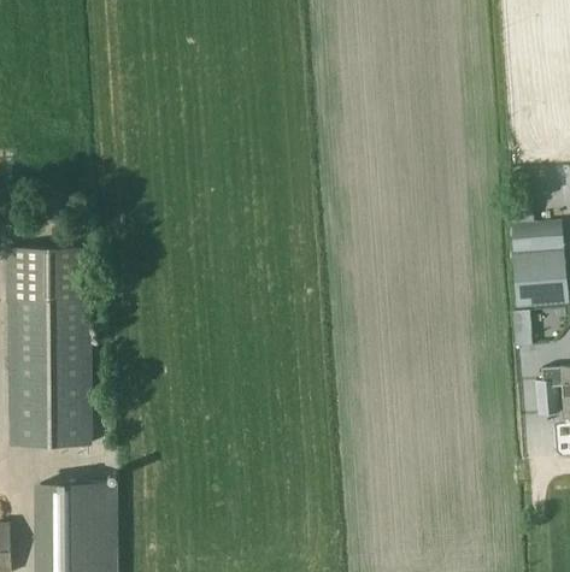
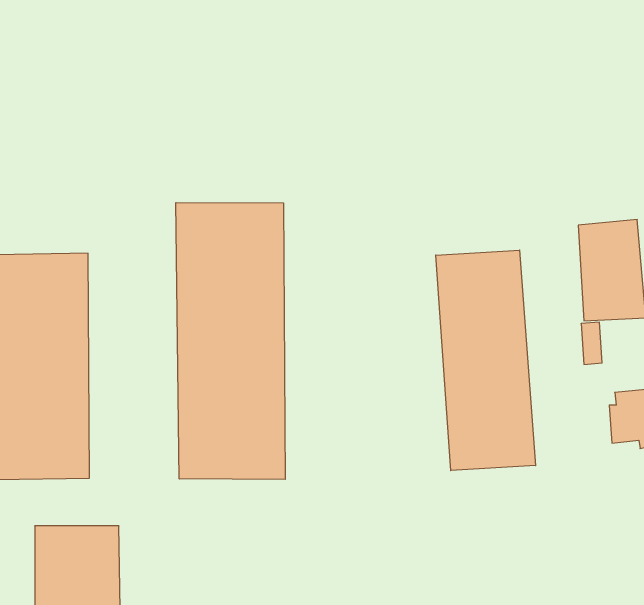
building: none -> [176,203,285,479]
building: none -> [436,250,536,471]

